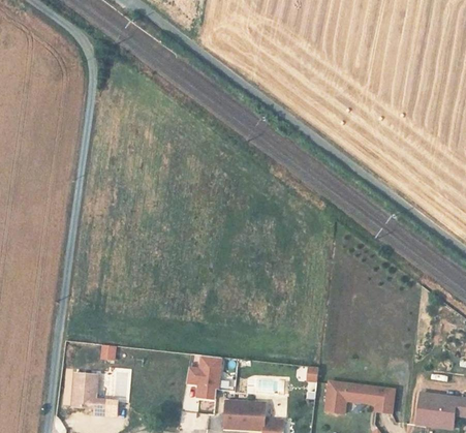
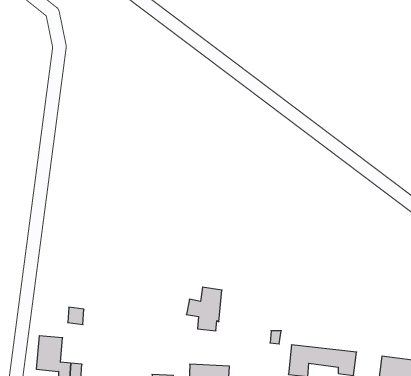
building: [185,354,221,399] -> [186,287,222,331]

